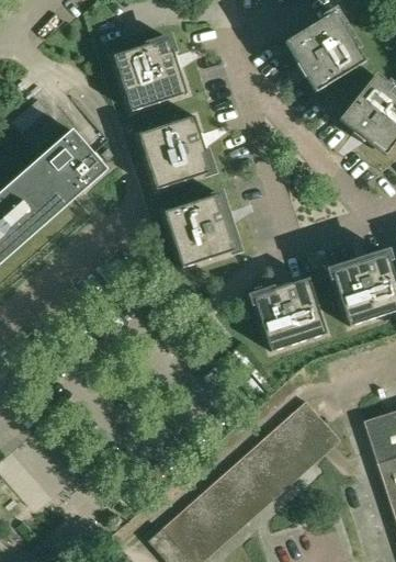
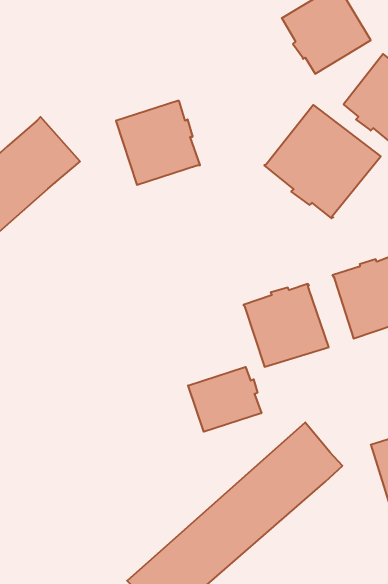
building: [113,37,186,111] -> none
building: none -> [264,105,381,218]
building: [163,193,238,268] -> none
building: none -> [188,367,261,432]

